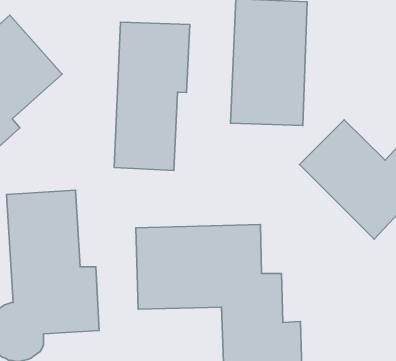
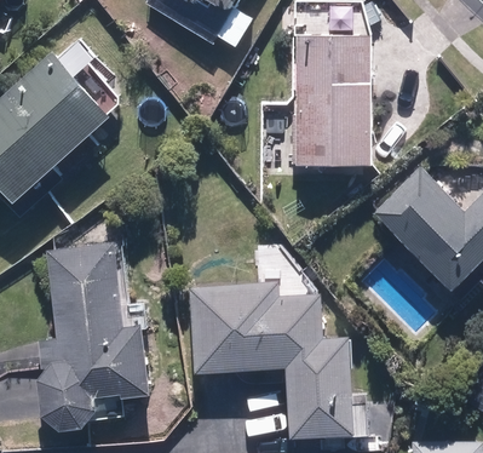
building: [114,22,190,170] -> none

